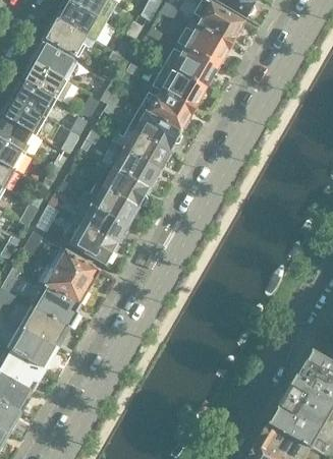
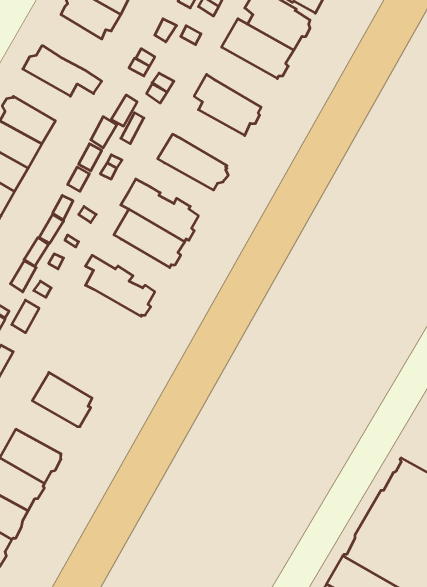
building: [43,18,93,57] -> none
building: [165,43,218,88] -> none
building: [20,59,63,98] -> none
building: [140,90,193,131] -> none
building: [112,126,170,169] -> none
building: [79,183,137,226] -> none
building: [63,221,116,265] -> none
building: [43,250,100,305] -> none
building: [22,307,68,347] -> none

